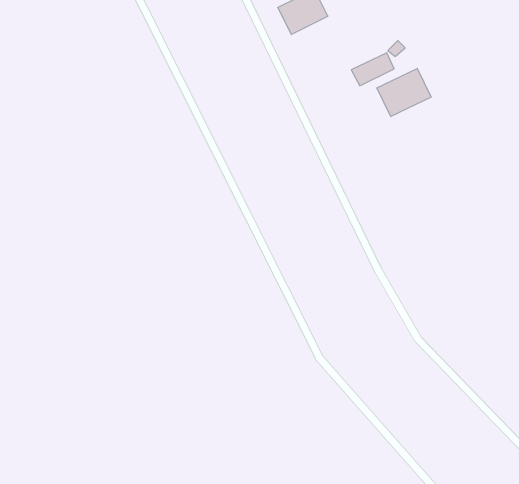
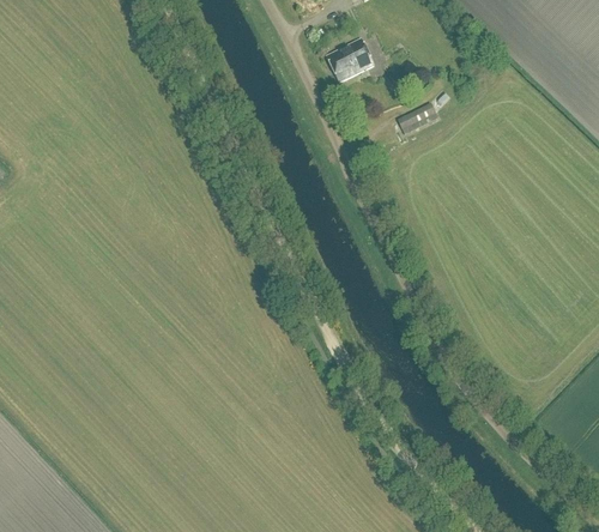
building: [377,68,431,117] -> none

